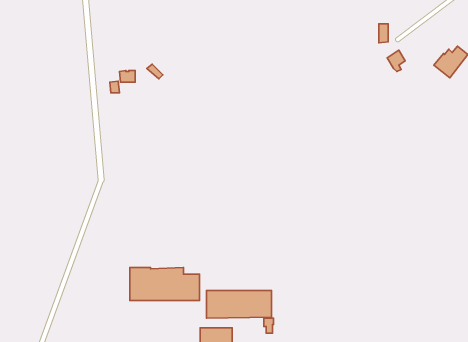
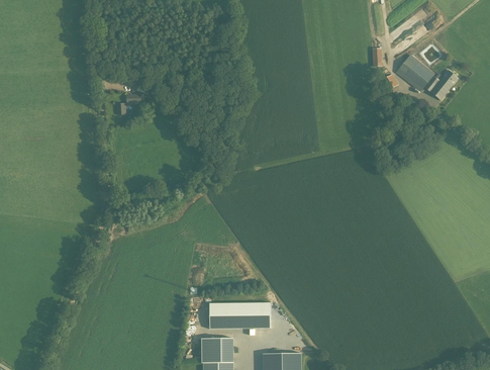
building: none -> [396,55,433,91]
building: [130,268,199,300] -> none

